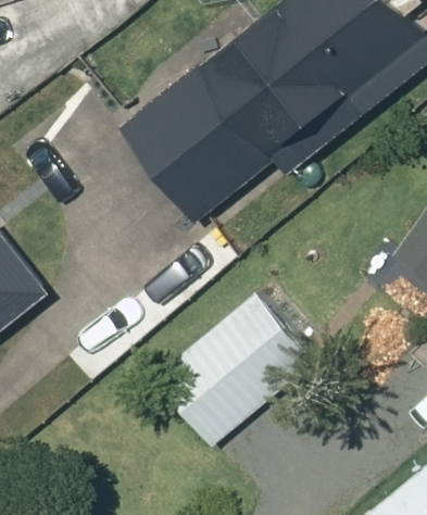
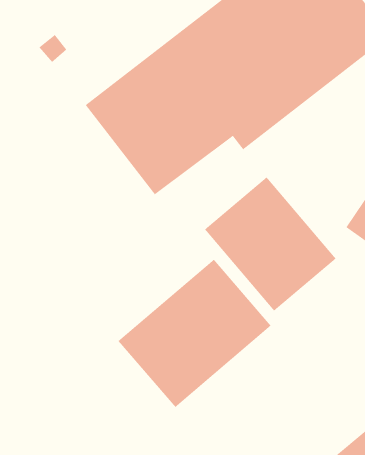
building: none -> [204,176,337,312]

